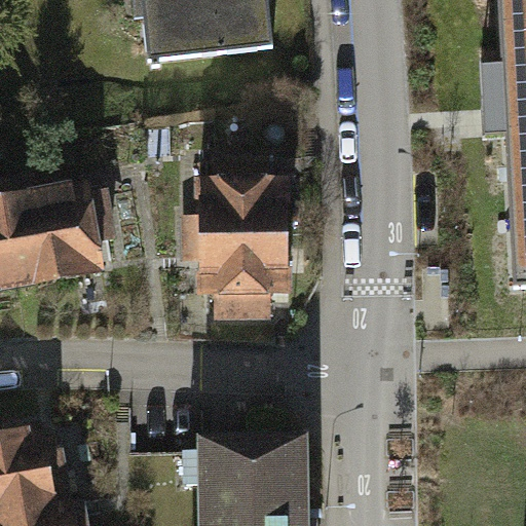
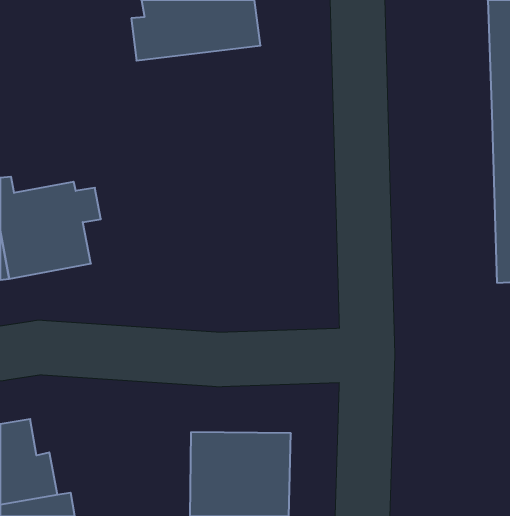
building: [183,158,284,315] -> none

